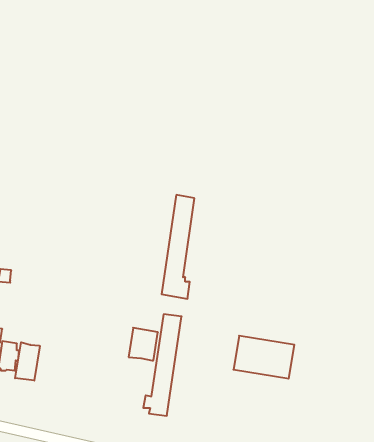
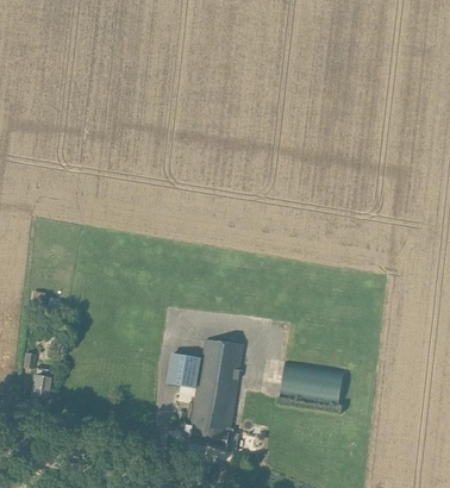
building: [162,195,194,299] -> [208,340,243,450]
building: [15,342,40,381] -> none

